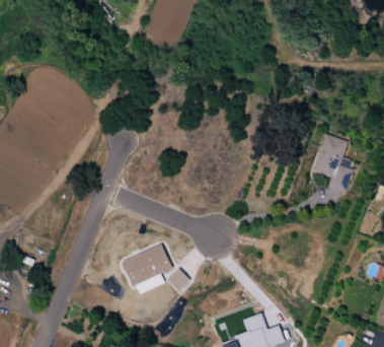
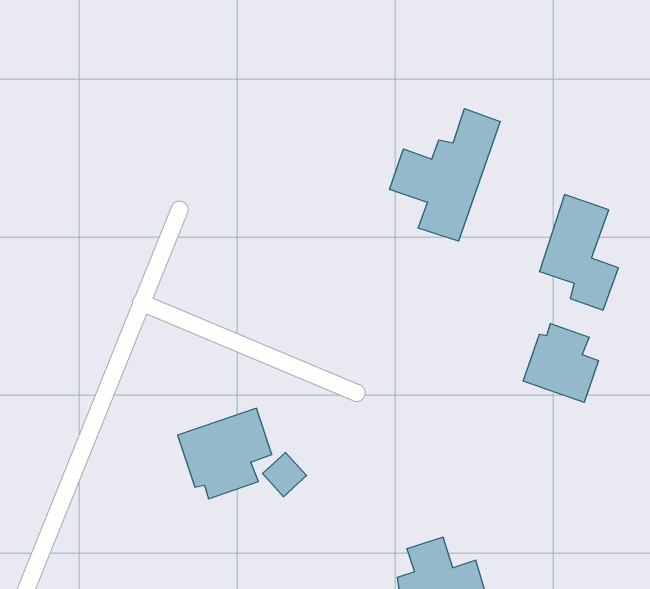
building: none -> [390,109,500,241]
building: none -> [523,323,598,402]

